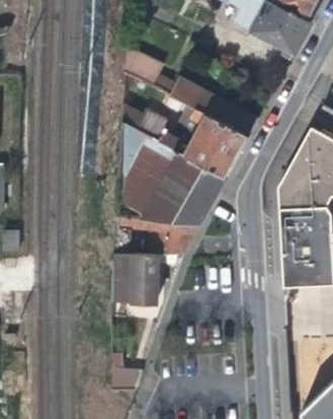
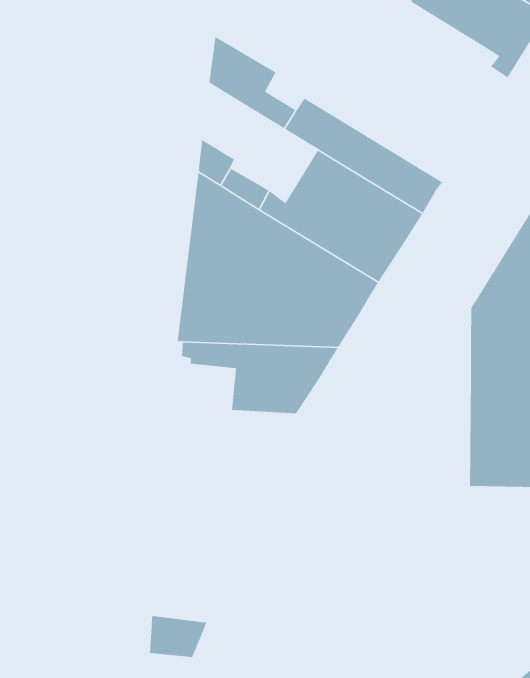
building: [112,254,160,302] -> none

